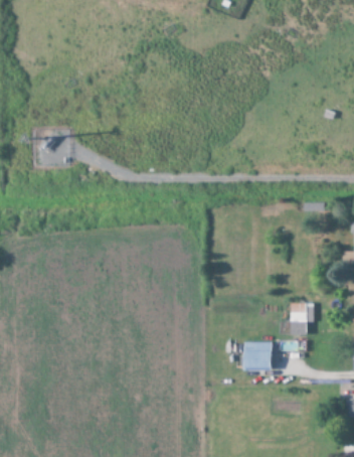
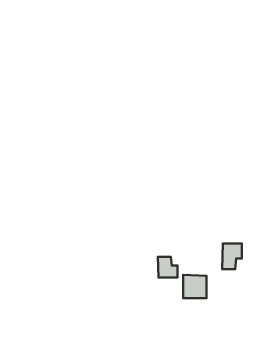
building: none -> [158,257,178,277]

